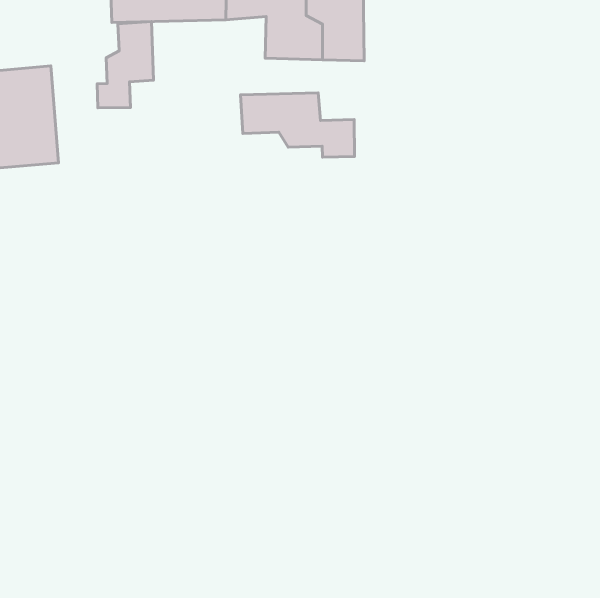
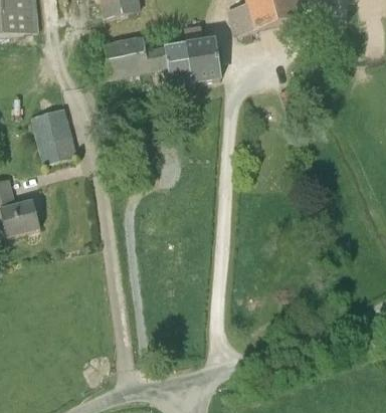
building: [97,22,154,108] -> none
building: [240,93,355,157] -> none

